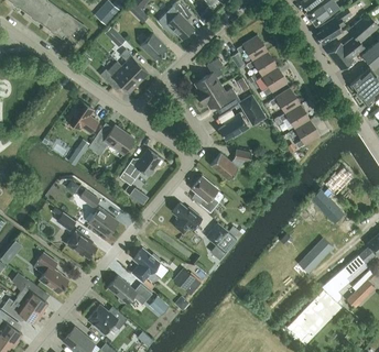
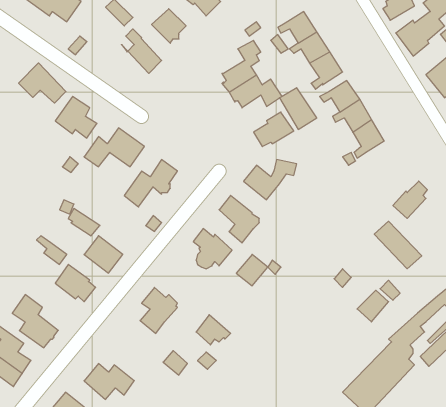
building: [101,60,138,91] -> [19,63,66,103]
building: [108,275,152,304] -> none

